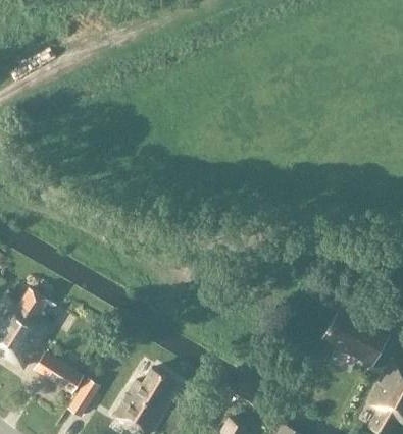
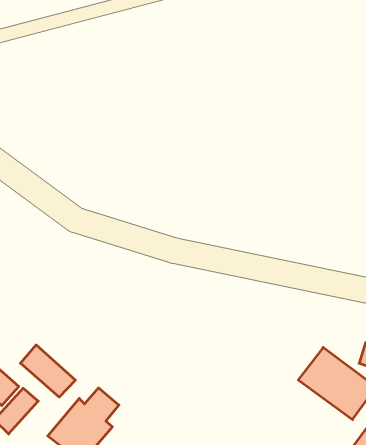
building: none -> [20,345,75,397]

